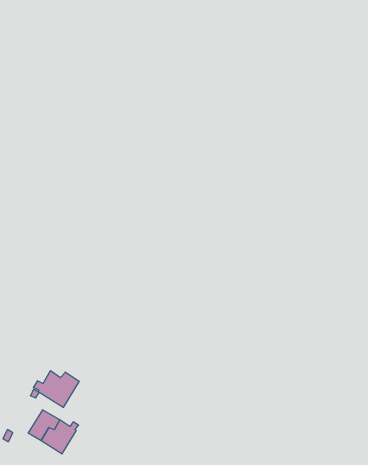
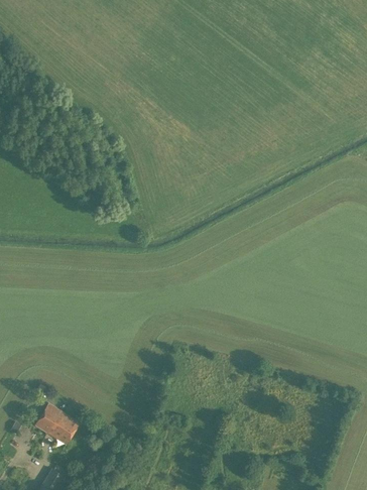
building: [33,371,79,407] -> none

